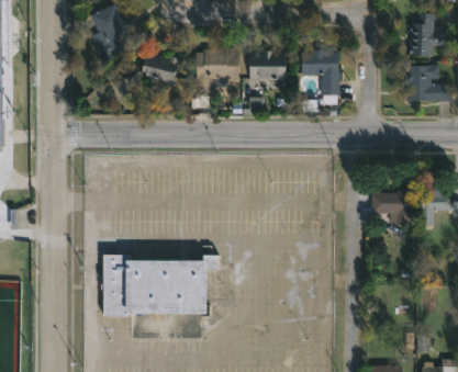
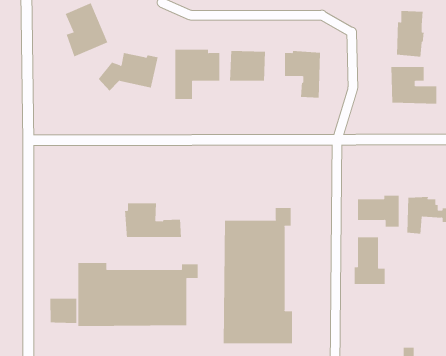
building: none -> [125,202,181,238]
building: none -> [223,207,293,344]
building: none -> [354,236,385,285]
building: none -> [50,298,77,324]

